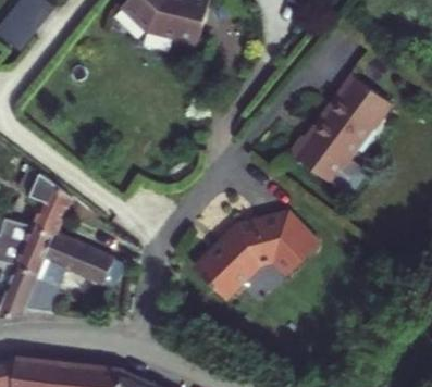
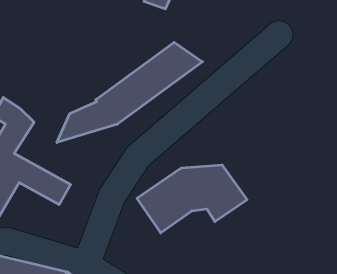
building: [285,75,387,196] -> none
building: none -> [57,42,203,143]

